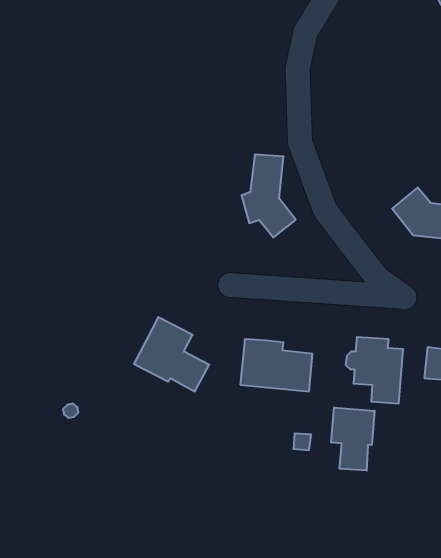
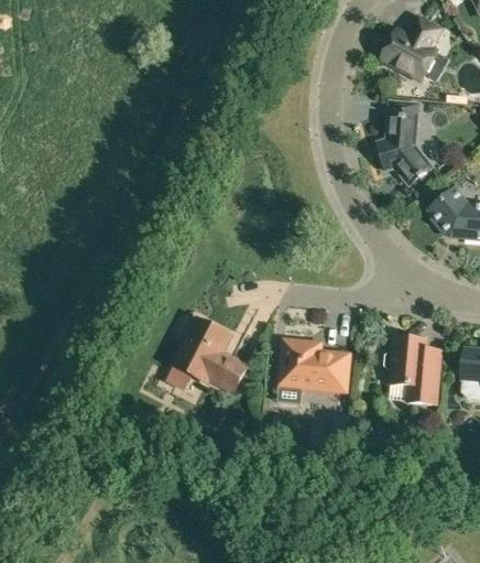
building: none -> [382,17,441,75]
building: [241,154,296,237] -> [378,101,432,184]
building: [331,407,375,471] -> none

